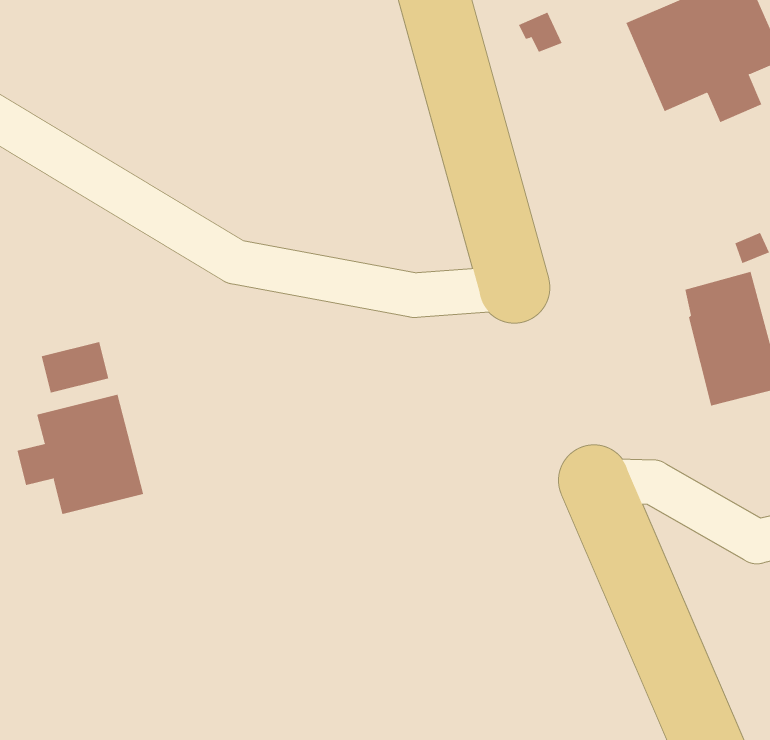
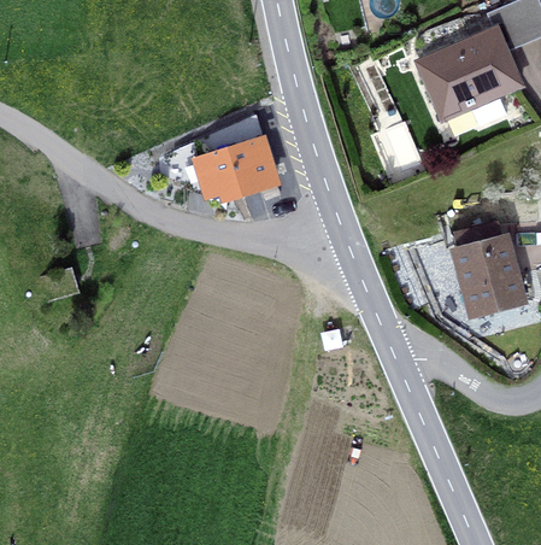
building: none -> [160,119,277,198]
building: [17,394,144,515] -> none

